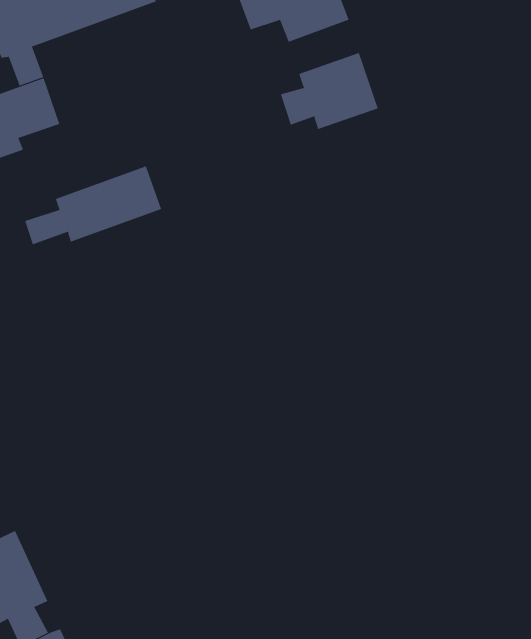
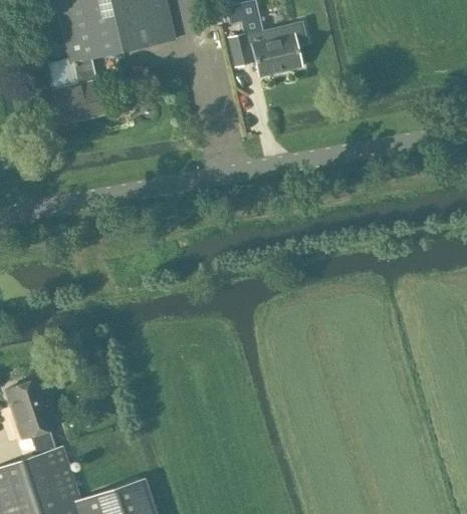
building: [280,52,379,130] -> none
building: [24,166,162,245] -> none

